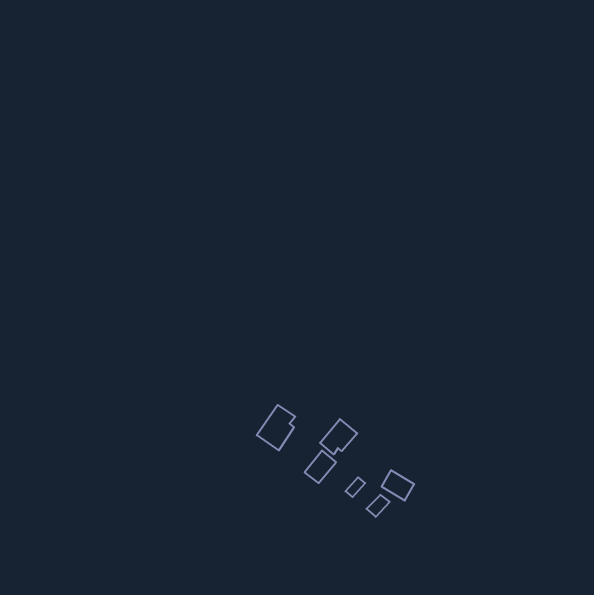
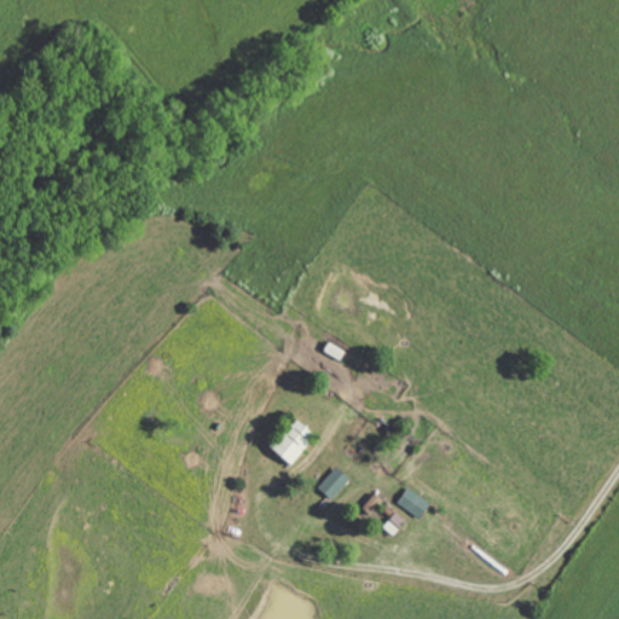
building: [320,419,357,454] -> none

